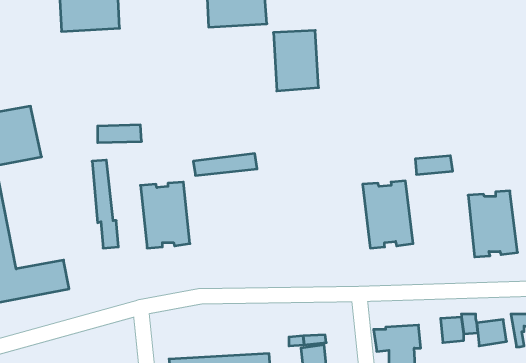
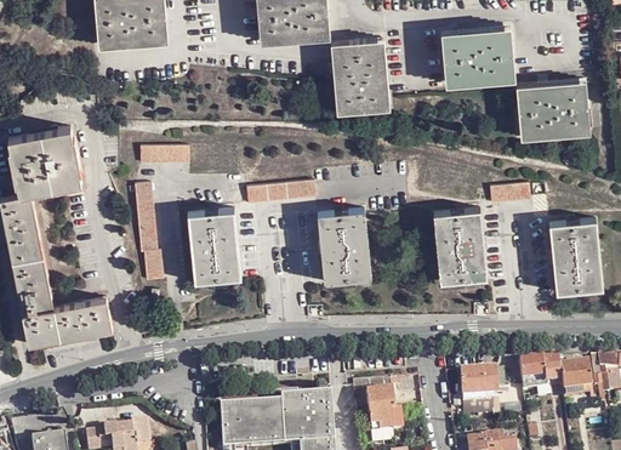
building: none -> [441,27,508,80]
building: none -> [518,84,583,136]
building: none -> [317,209,370,281]

